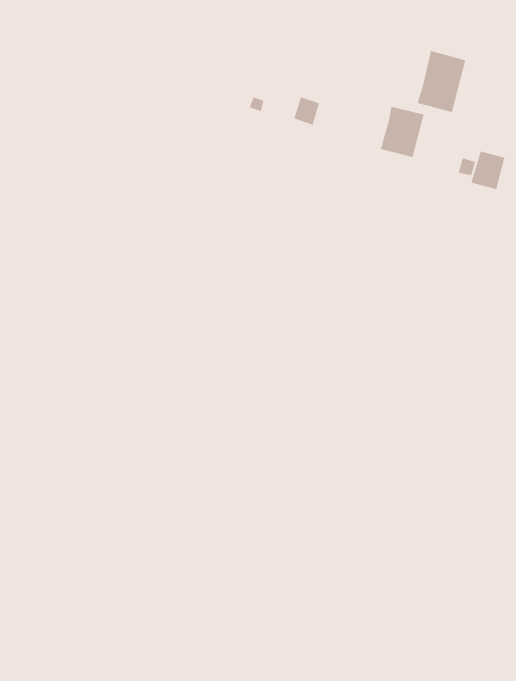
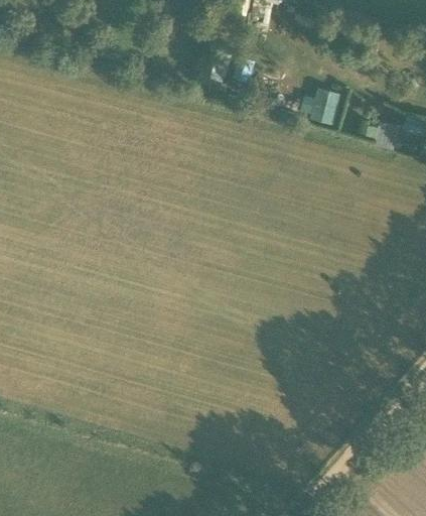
building: [417,50,466,113] -> none

